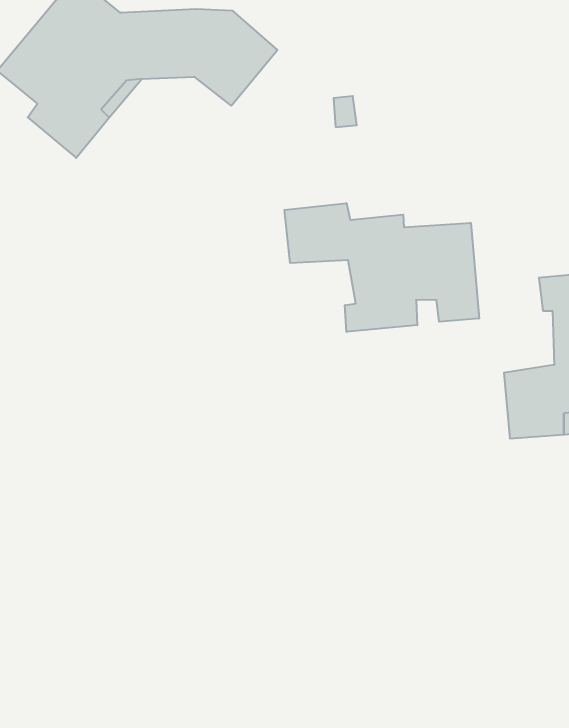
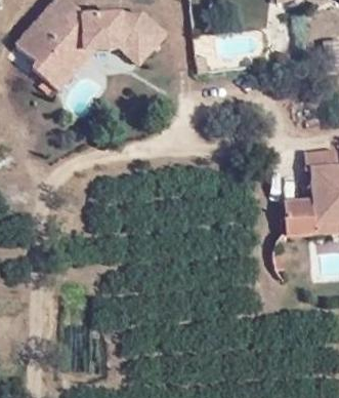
building: [285,203,479,332] -> none

